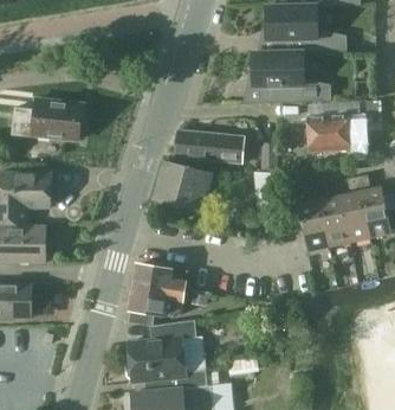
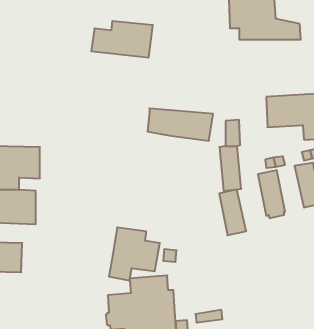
building: [252,52,330,102] -> none
building: [14,97,84,139] -> [91,21,153,58]
building: [154,160,213,211] -> none
building: [319,196,350,248] -> [219,189,246,235]

